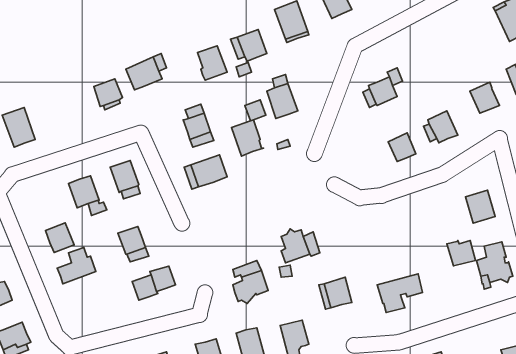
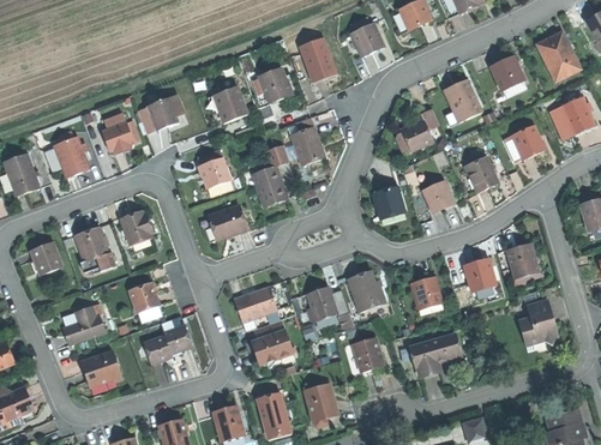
building: none -> [489,55,524,90]
building: none -> [443,78,481,121]
building: none -> [53,136,89,178]
building: none -> [372,185,403,215]
building: none -> [347,269,385,311]
building: none -> [410,275,441,309]
building: [45,223,74,253] -> [30,241,61,273]
building: none -> [234,285,276,321]
building: [447,241,476,266] -> [464,263,495,290]
building: none -> [80,350,121,383]

